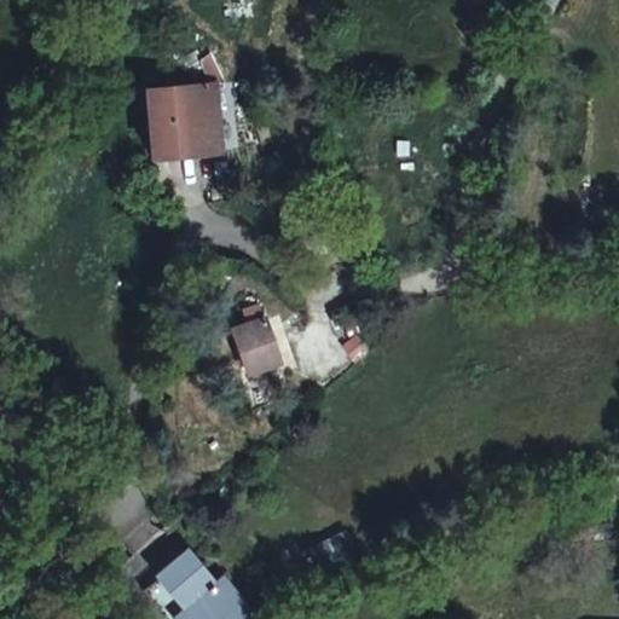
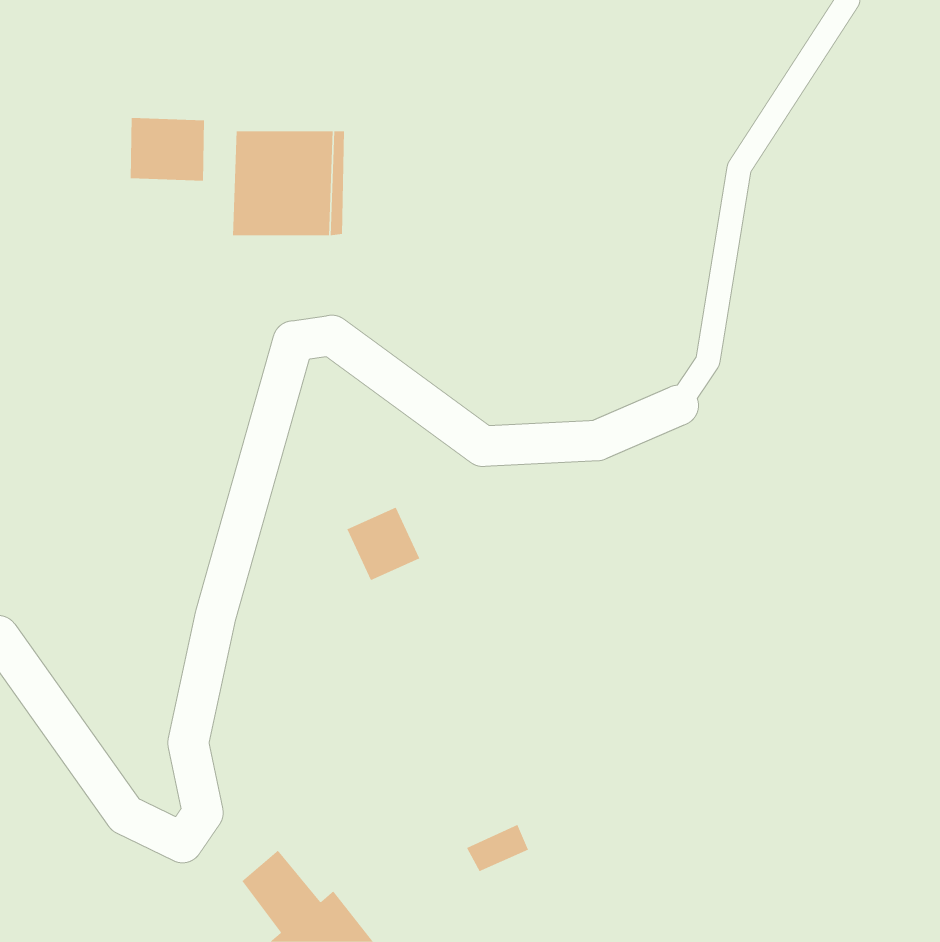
building: none -> [130,117,205,181]

